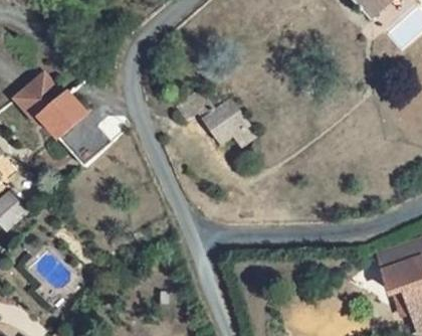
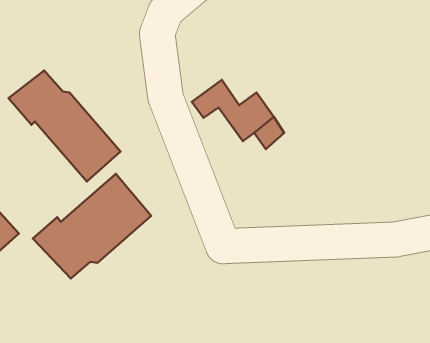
building: none -> [33,174,151,278]

